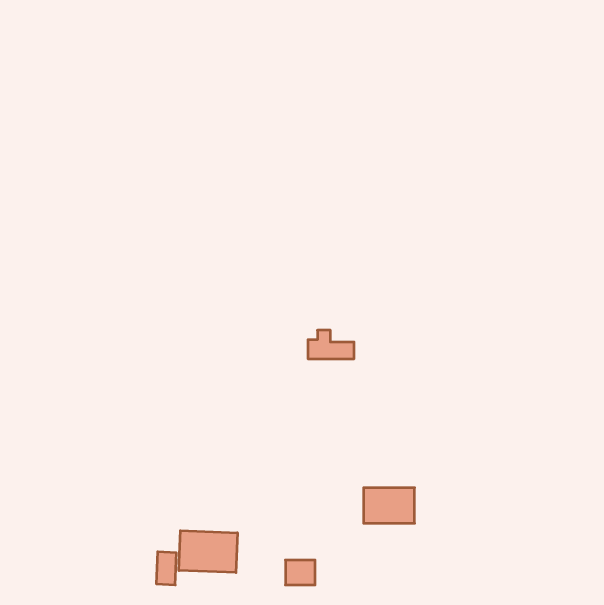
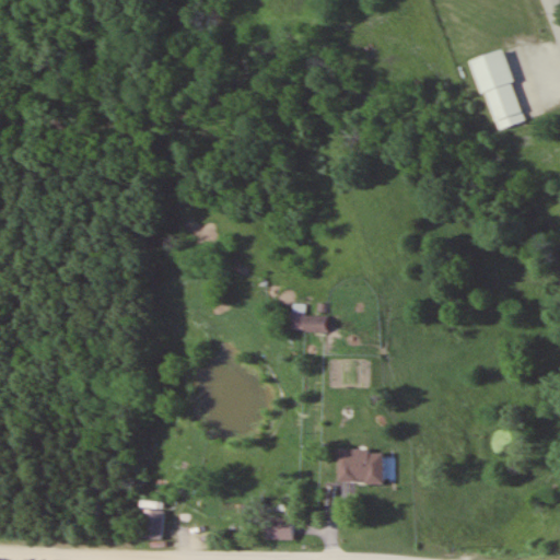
building: none -> [472,49,525,130]
building: [179,531,237,573] -> none

